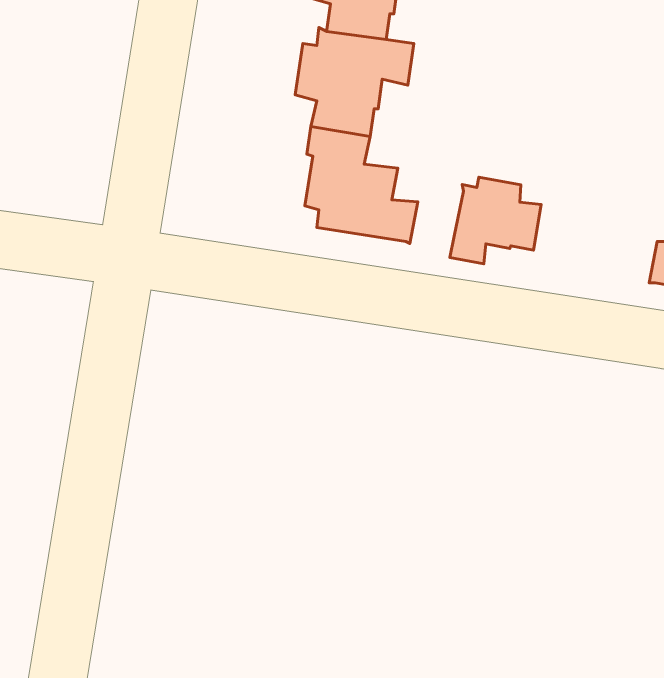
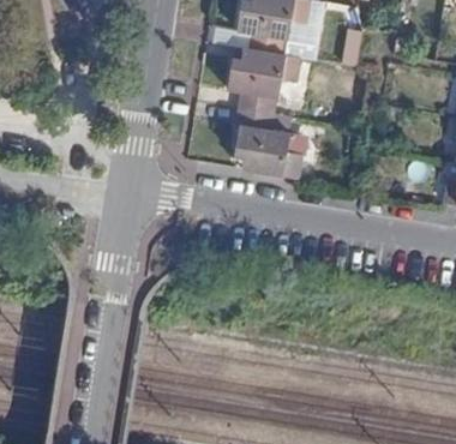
building: [450,177,541,264] -> none

